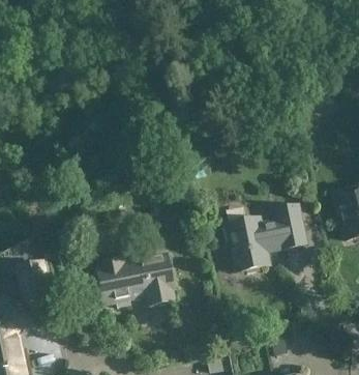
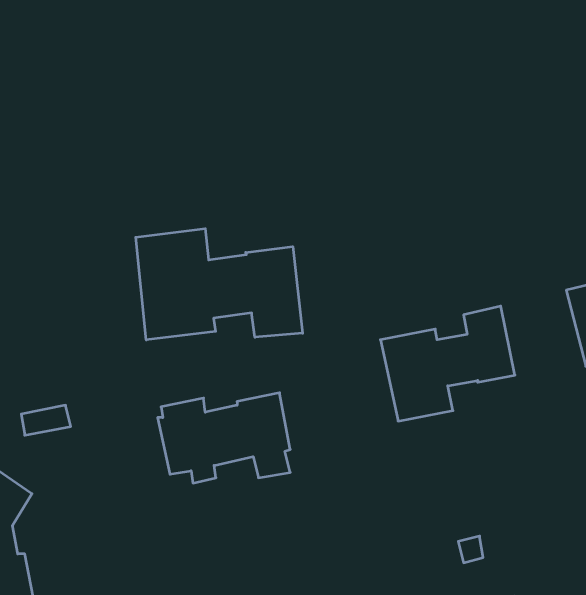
building: none -> [136,229,303,340]

